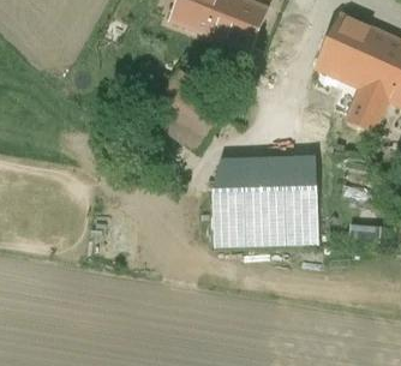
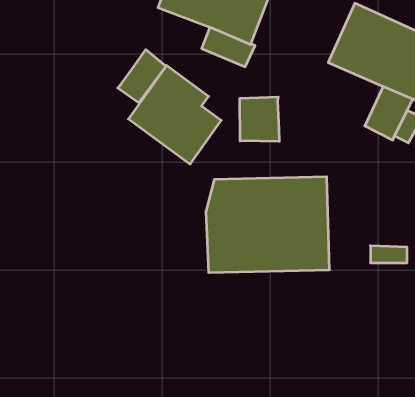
building: none -> [118,50,166,103]
building: none -> [240,97,279,141]

